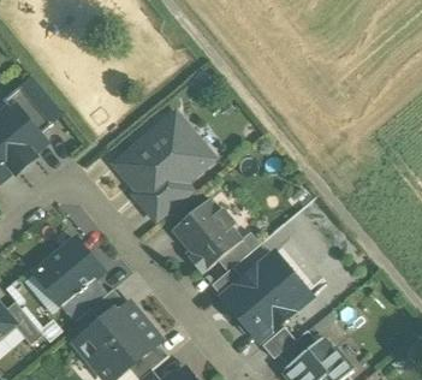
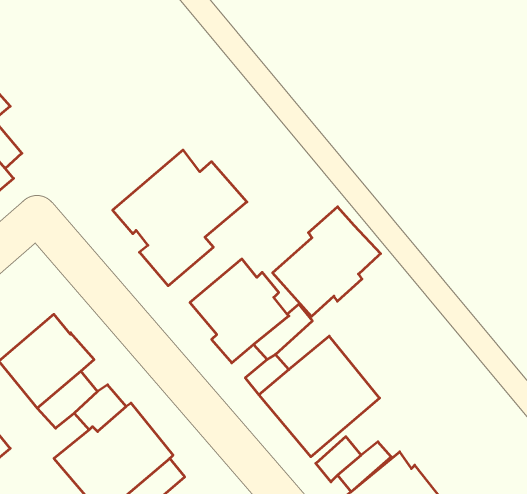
building: none -> [273,207,381,316]

